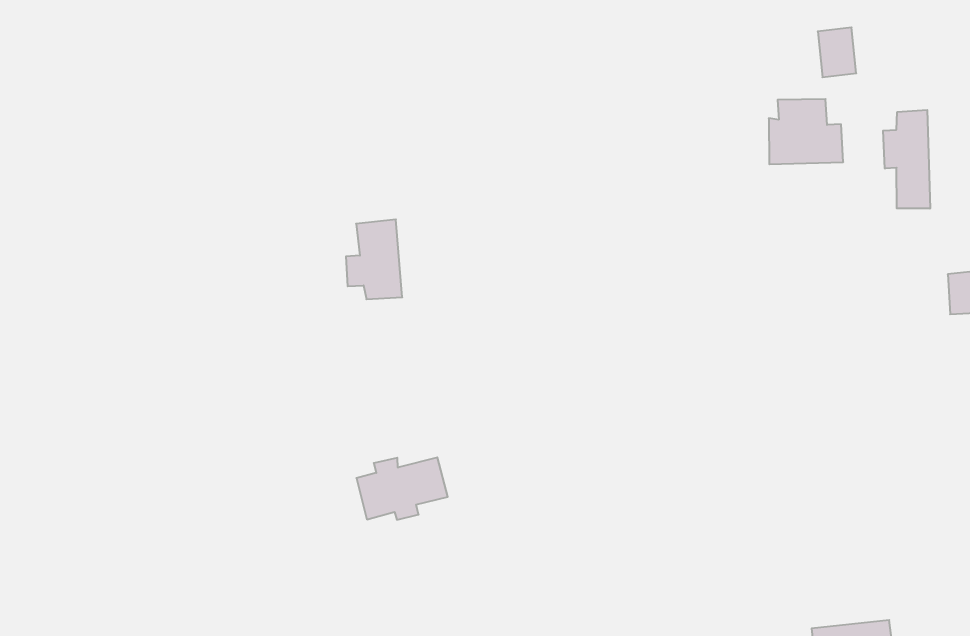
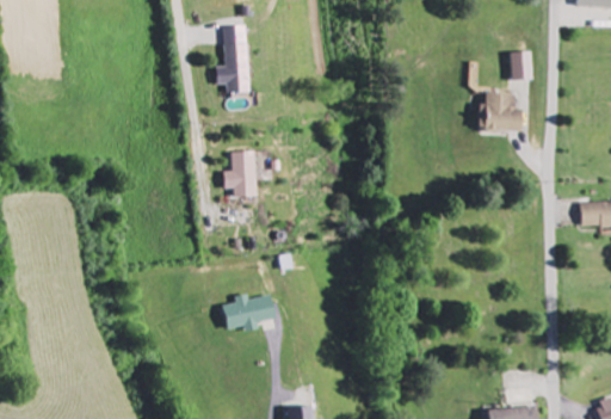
building: none -> [216,25,248,92]
building: [883,110,930,209] -> none

